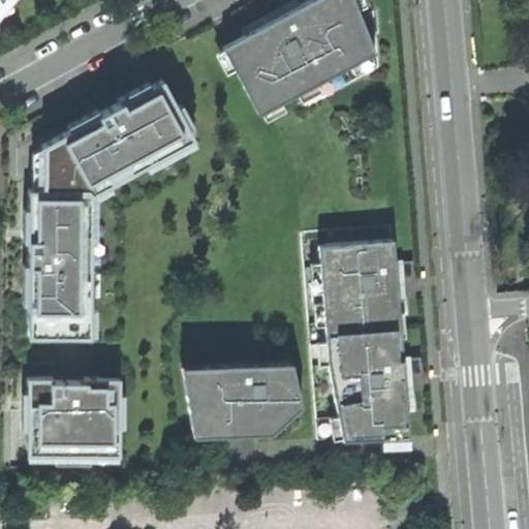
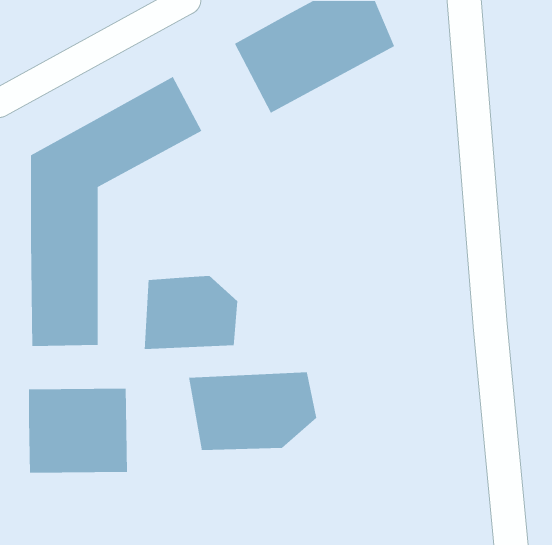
building: [320,241,415,436] -> none
building: none -> [144,275,238,350]

